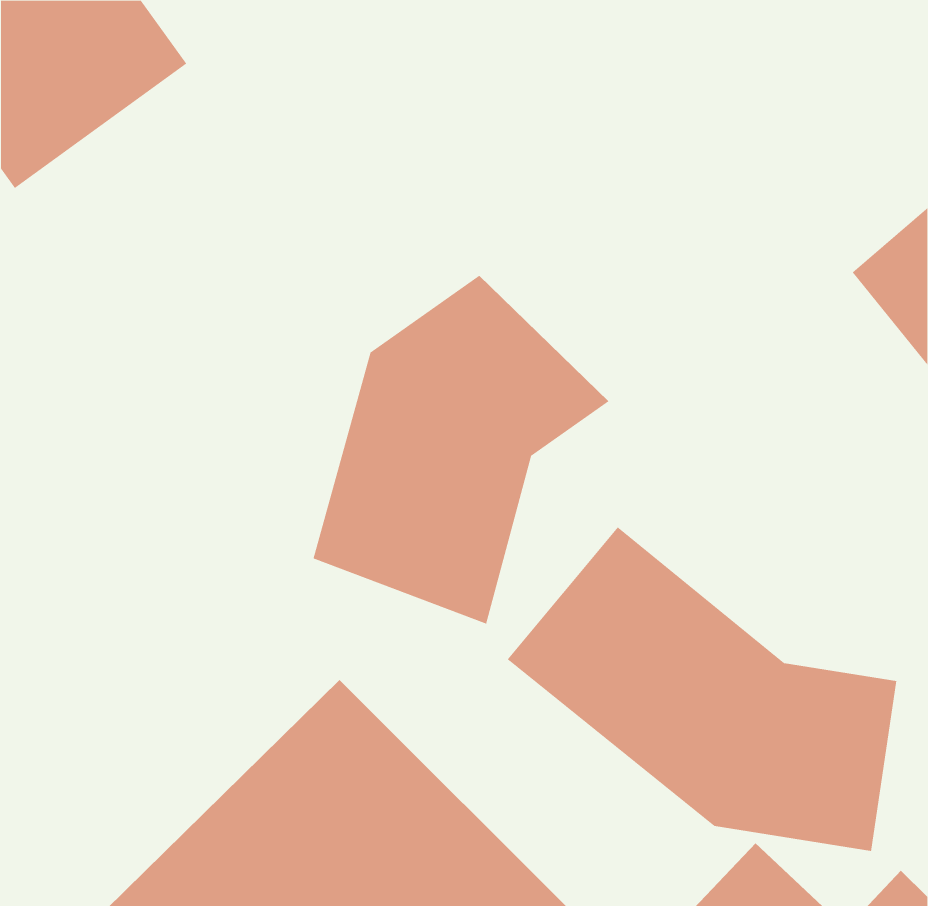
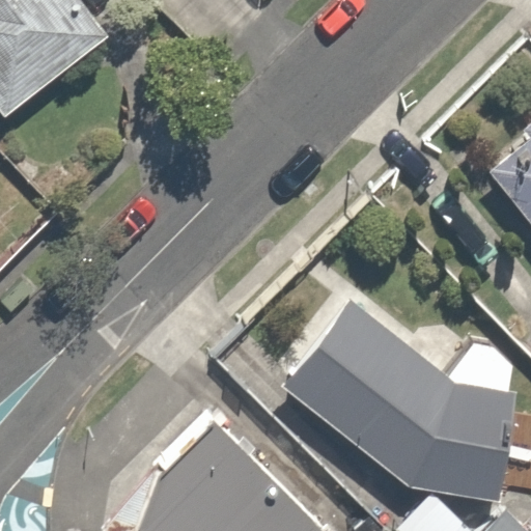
building: [313,275,609,624] -> none

